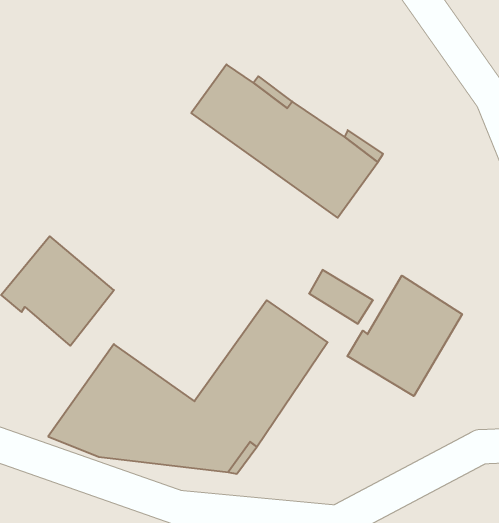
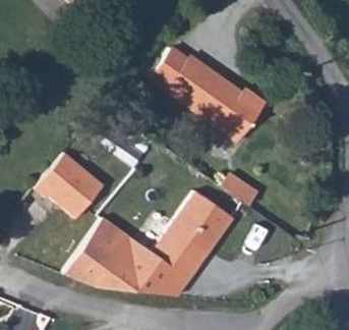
building: [347,276,462,396] -> none

